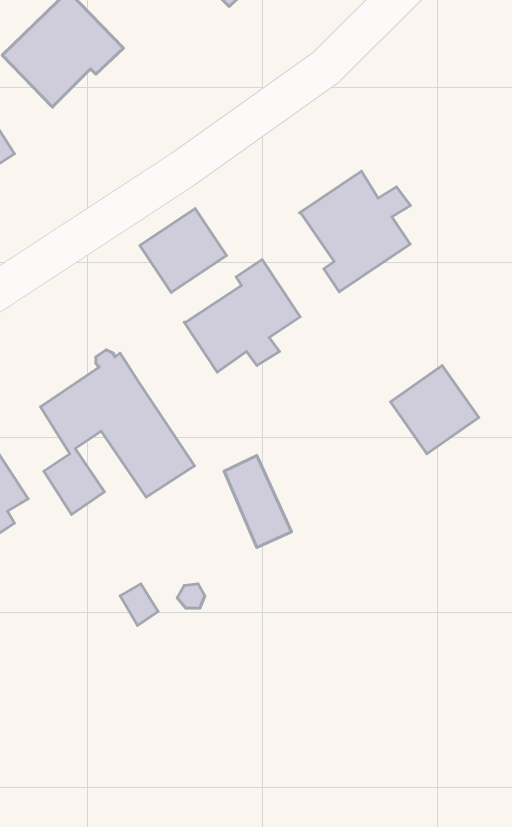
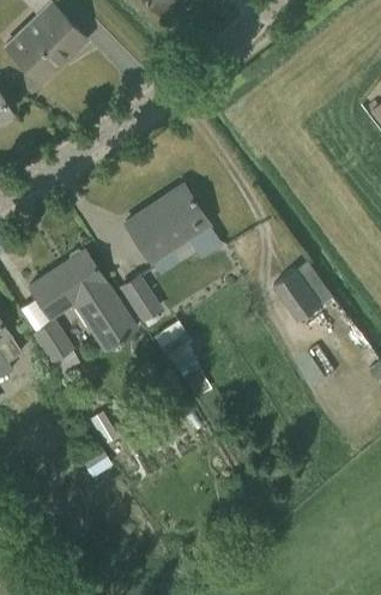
building: [300,171,410,292] -> none
building: [140,208,227,292] -> none
building: none -> [119,274,163,321]

